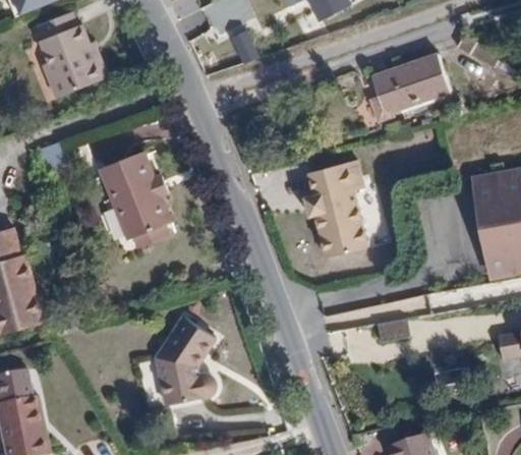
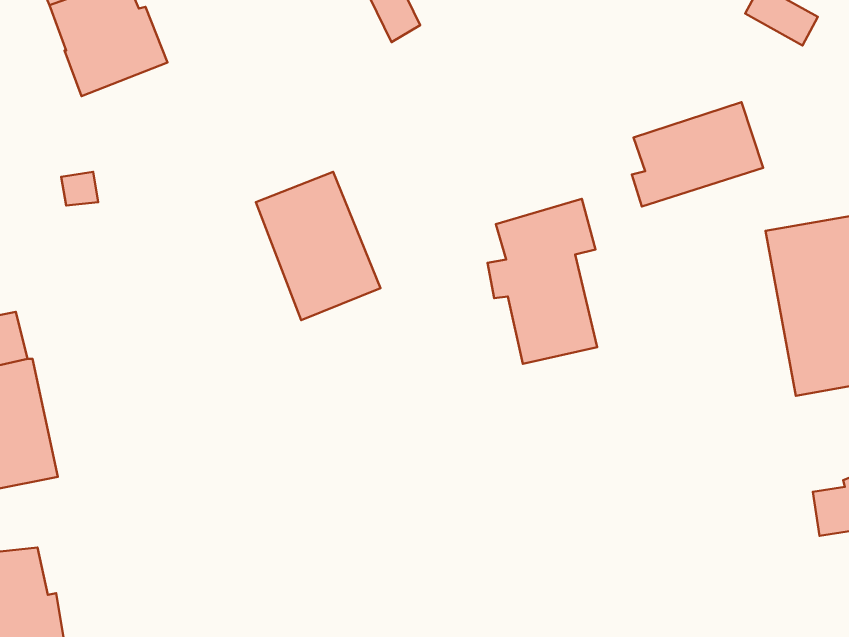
building: [367,53,447,116] -> [632,102,763,207]
building: [100,150,175,239] -> [256,172,380,320]
building: [154,316,218,407] -> none

